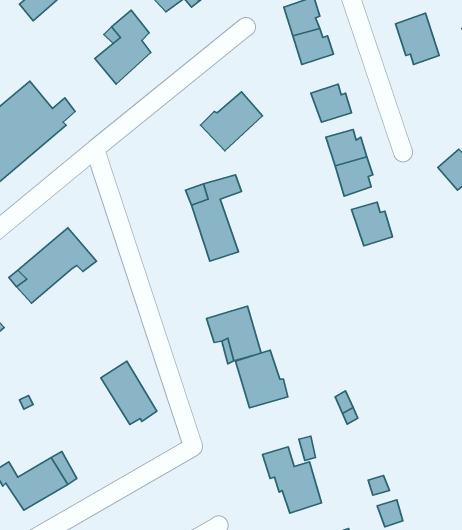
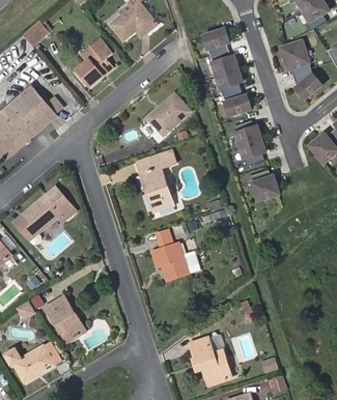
building: none -> [216,68,242,95]
building: none -> [292,69,320,98]
building: [236,350,288,408] -> none
building: [101,361,157,425] -> [46,295,84,339]

